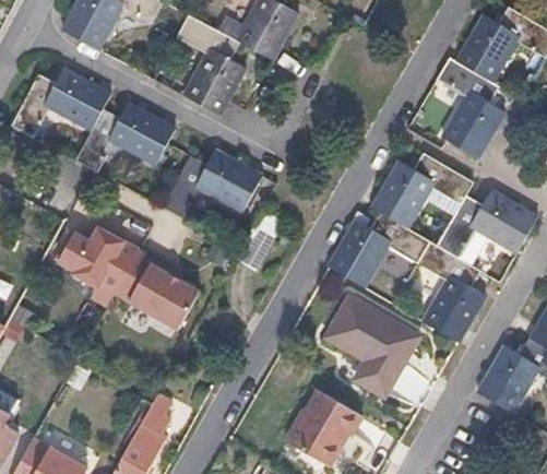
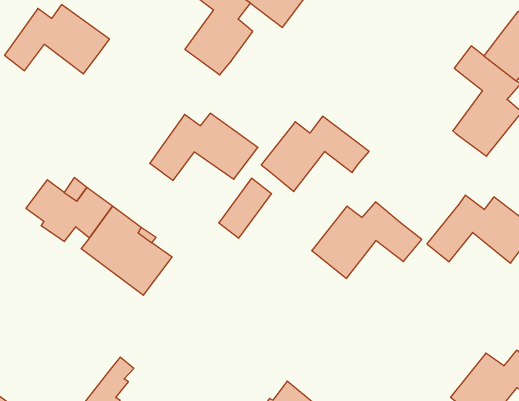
building: [76,103,174,169] -> none
building: [372,155,472,229] -> [261,116,369,192]
building: [414,242,487,346] -> none
building: [323,292,424,394] -> none

